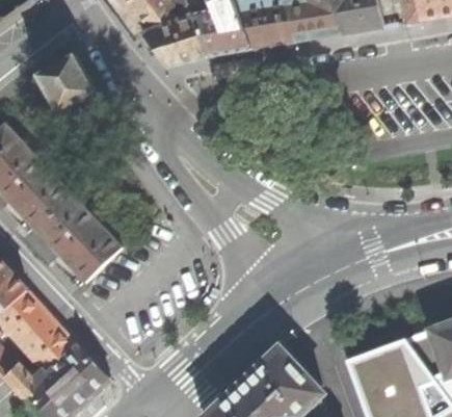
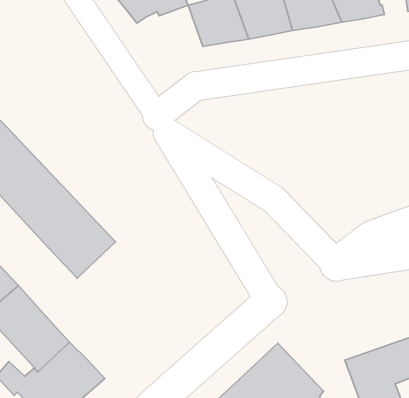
building: [142,17,207,63] -> none
building: [36,54,98,115] -> none

